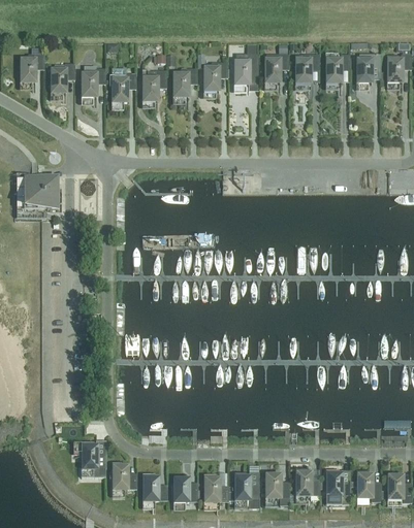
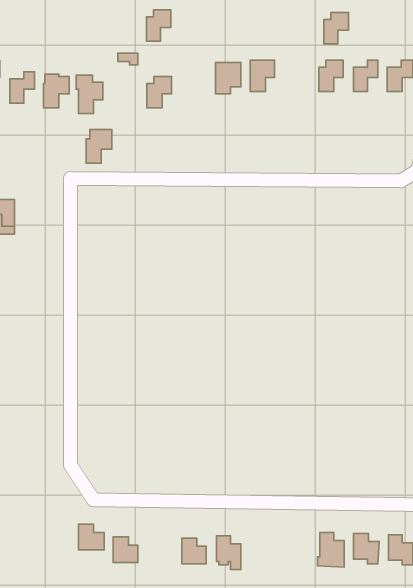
building: [296,54,318,81] -> [324,13,348,44]
building: [204,62,226,90] -> [147,10,171,41]
building: [142,70,165,100] -> [86,130,112,163]
building: [79,446,104,476] -> none
building: [296,472,318,495] -> none
building: [265,474,288,504] -> none
building: [174,478,196,501] -> none

